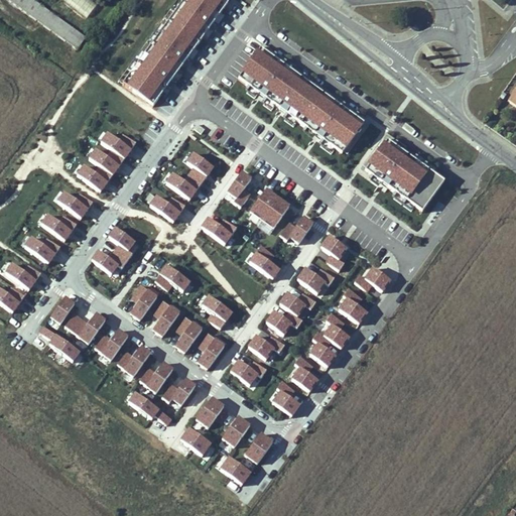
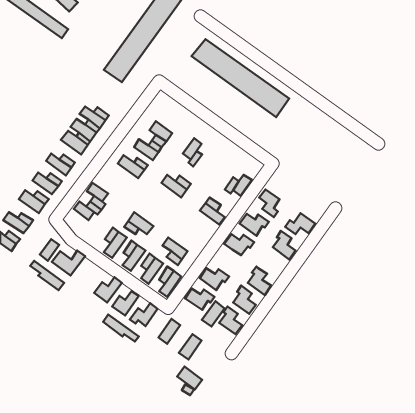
building: [361,139,440,207] -> none
building: [250,189,288,228] -> none
building: [265,308,301,336] -> none
building: [320,312,350,347] -> none
building: [95,328,128,359] -> none
building: [180,426,212,454] -> none
building: [245,430,273,462] -> [202,301,225,326]

